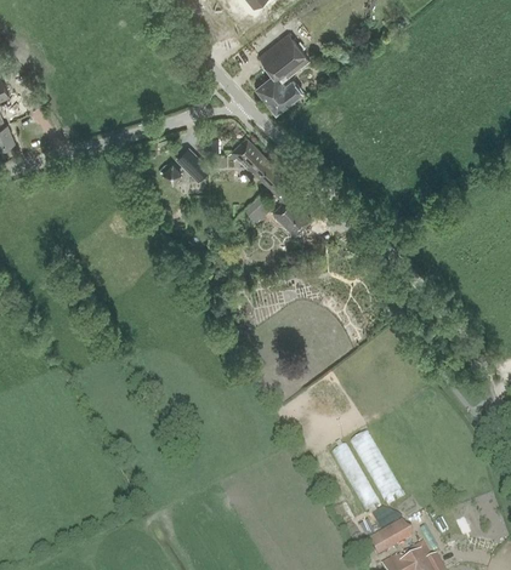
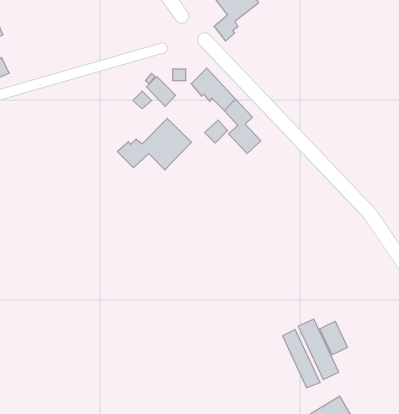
building: [268,81,303,116] -> none
building: none -> [117,118,192,170]
building: none -> [320,321,347,355]

